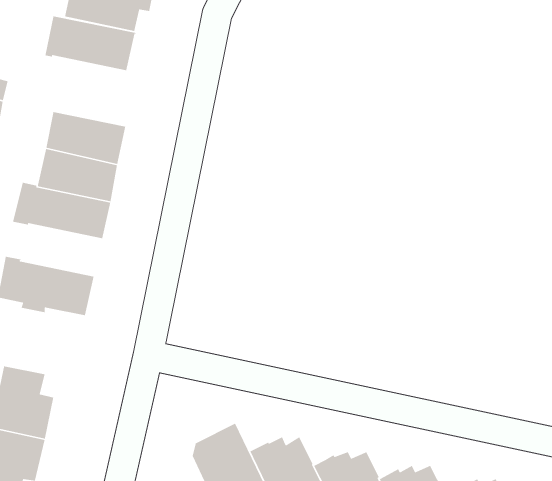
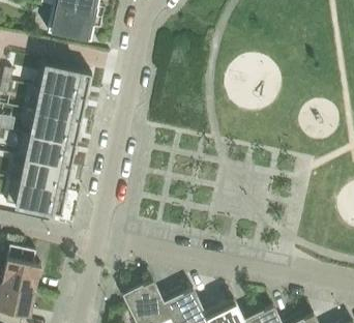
building: [44,16,137,71] -> [34,64,91,98]
building: none -> [20,158,70,190]

